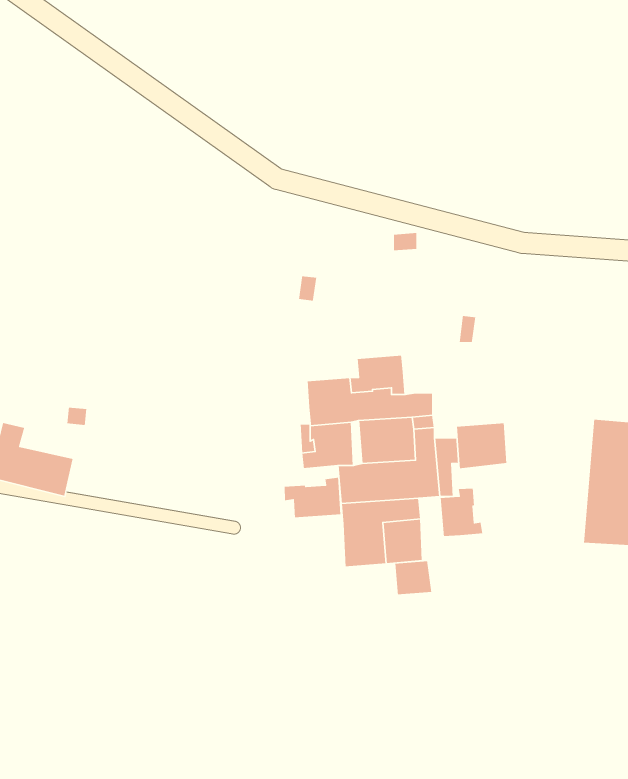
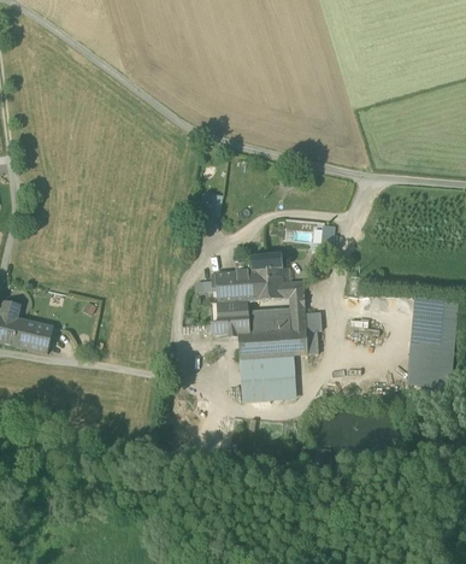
building: [456,422,507,469] -> none
building: [284,477,341,518] -> none
building: [440,488,483,537] -> none
building: [395,561,432,595] -> none

